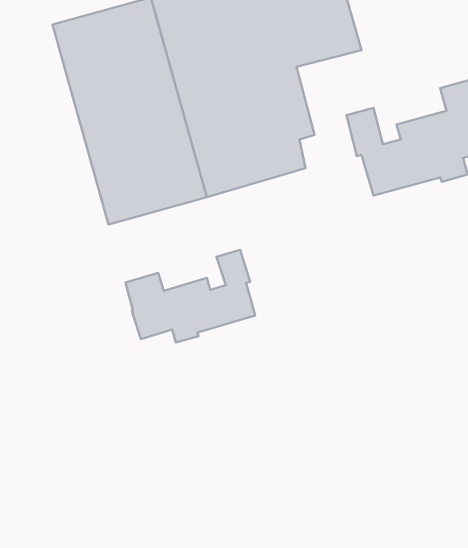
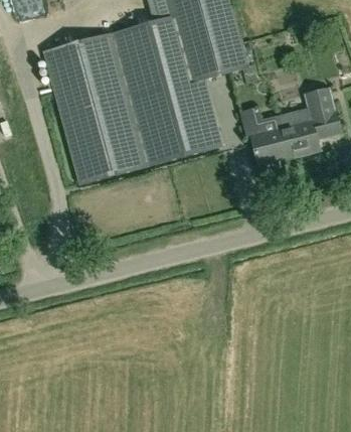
building: [125,250,255,343] -> none

